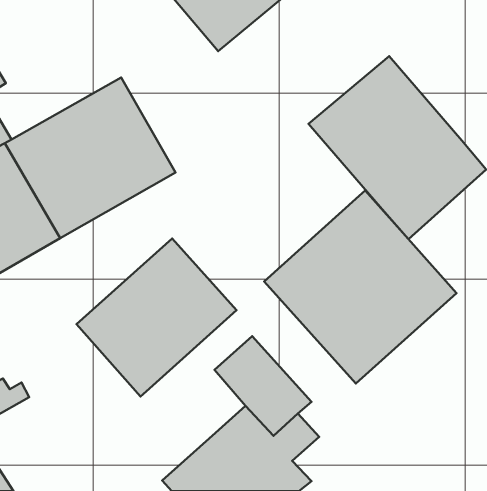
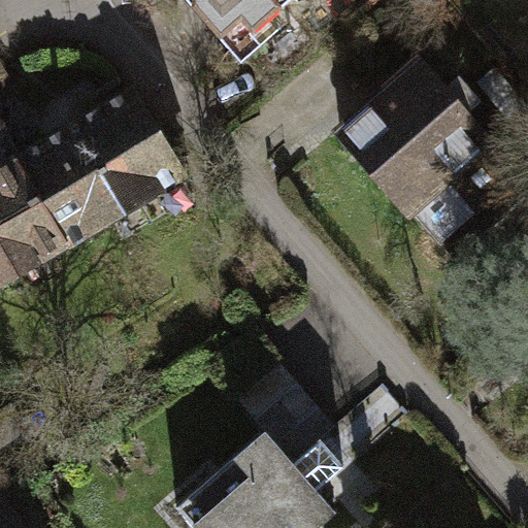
building: [264,190,456,383] -> none
building: [76,239,236,397] -> none

